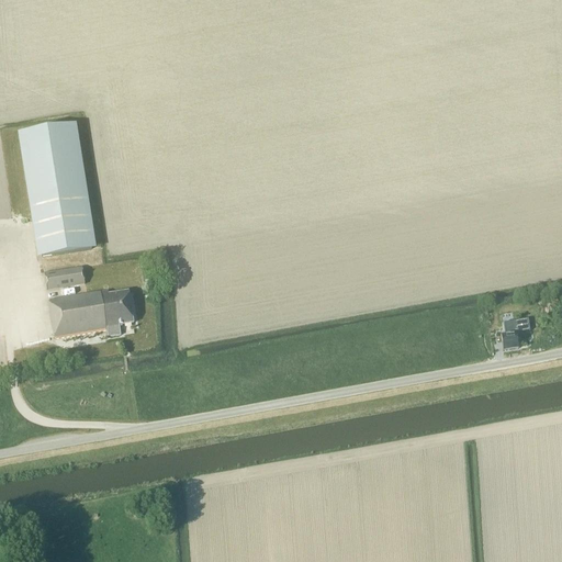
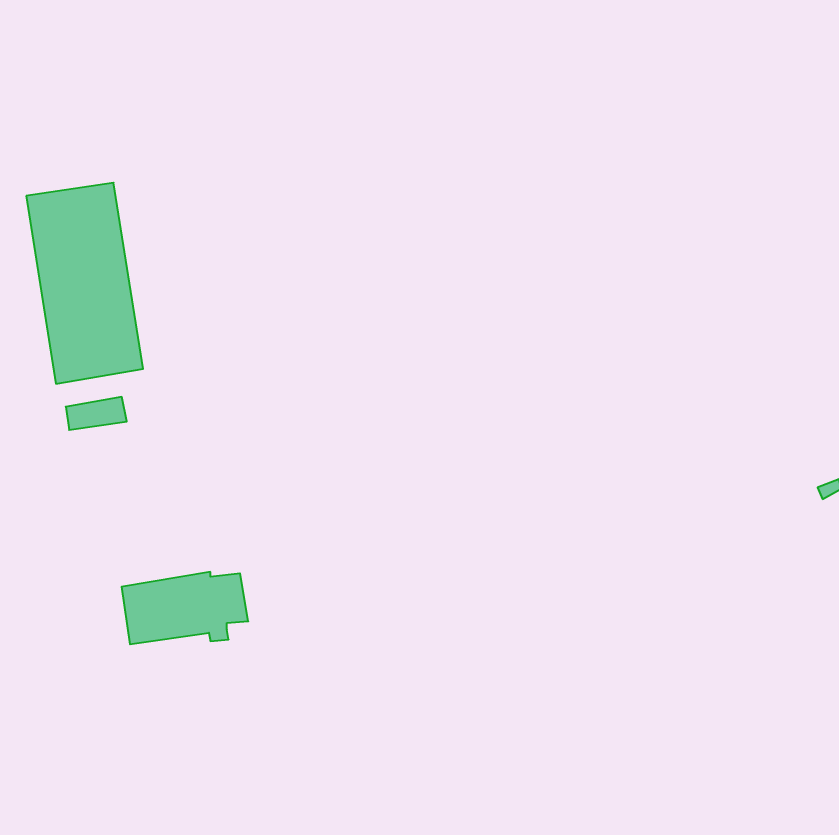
building: [49,288,134,336] -> [122,572,248,644]
building: [501,316,530,348] -> none

